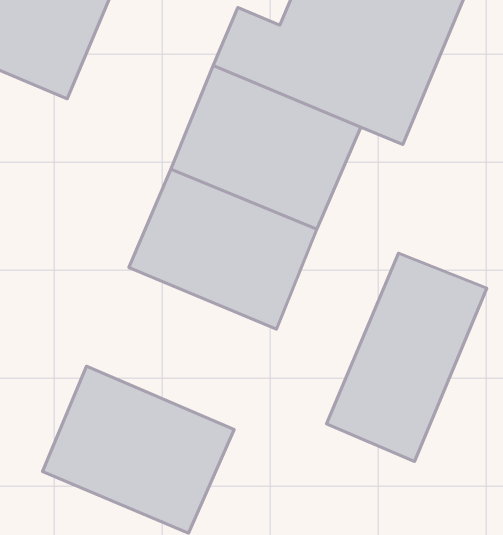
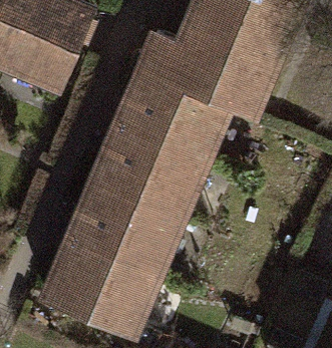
building: [327,253,487,462] -> none
building: none -> [69,184,178,276]

